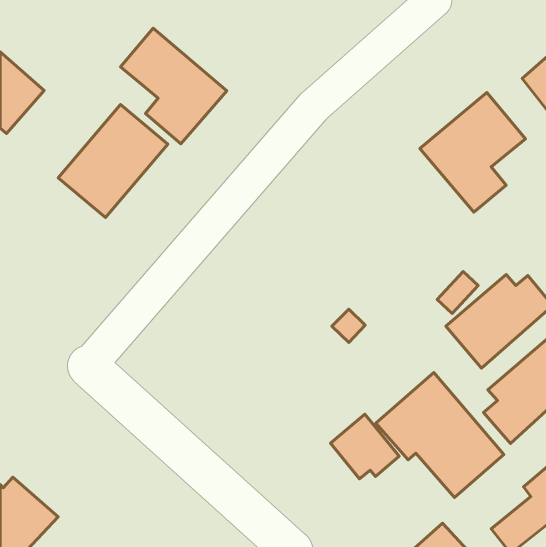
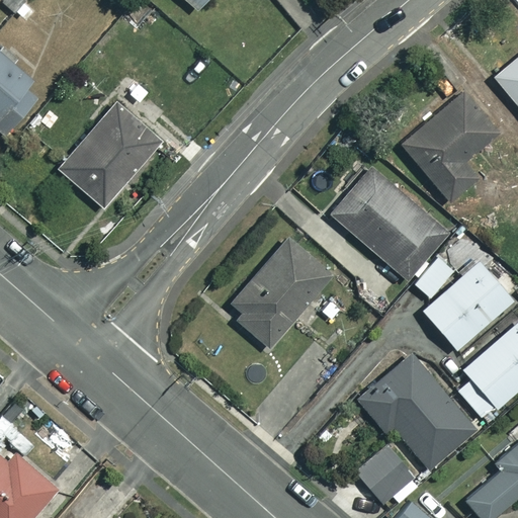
building: [120,28,227,144] -> none
building: none -> [330,166,447,280]
building: none -> [234,240,334,348]
building: [330,414,399,479] -> [356,444,421,505]

